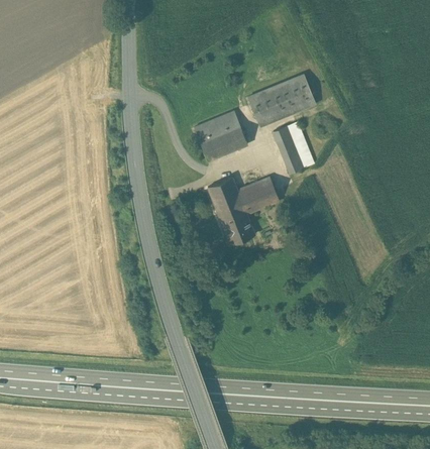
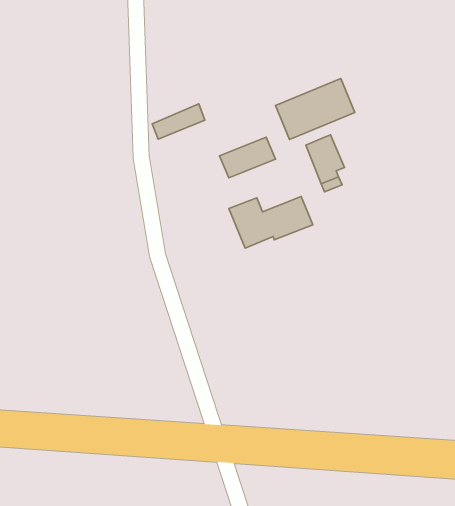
building: [194,111,239,141] -> [152,104,205,139]
building: [221,211,254,244] -> none

